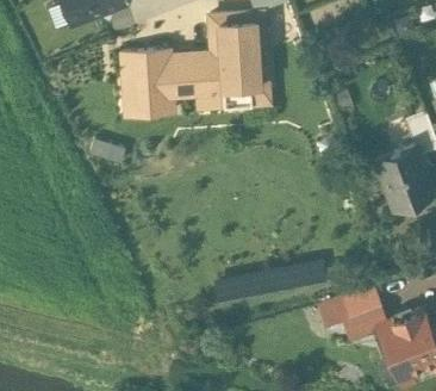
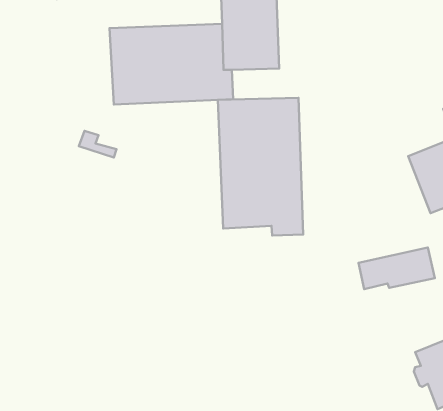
building: none -> [218,98,303,235]
building: [318,291,384,327] -> [358,247,435,289]

